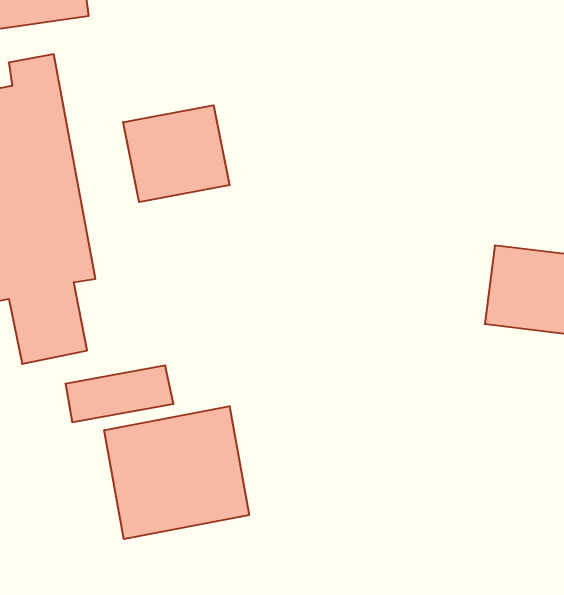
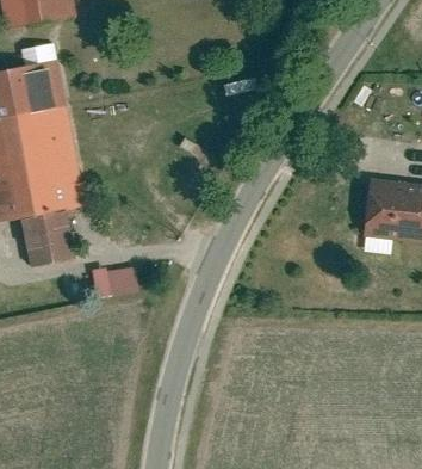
building: [123,105,230,202] -> none
building: [104,406,249,539] -> none

